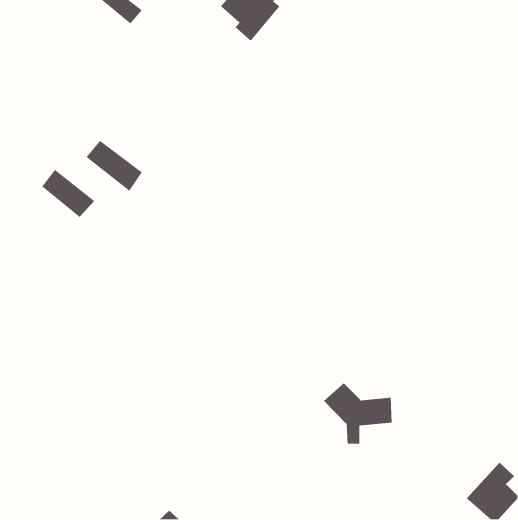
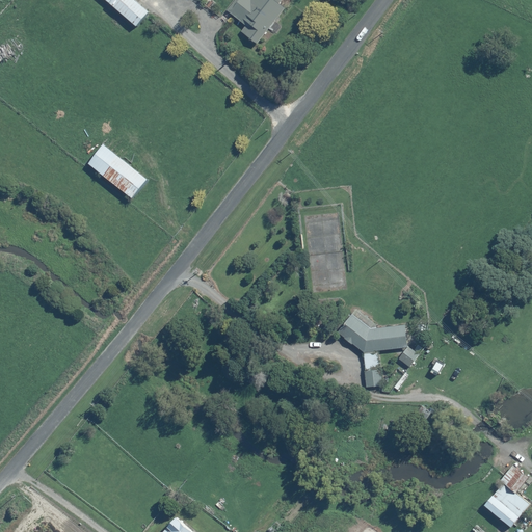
building: [41,169,95,218] -> none
building: [323,382,393,445] -> [338,310,408,373]

